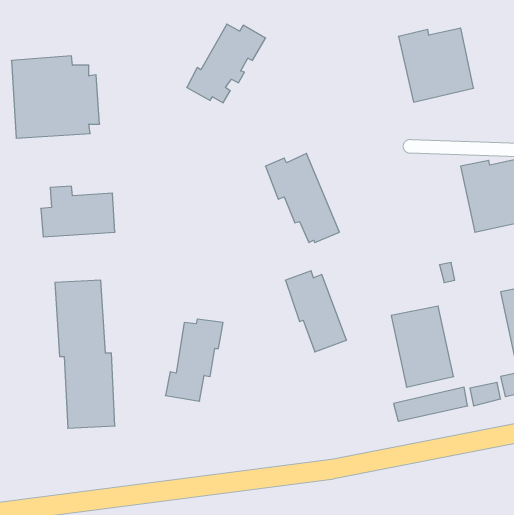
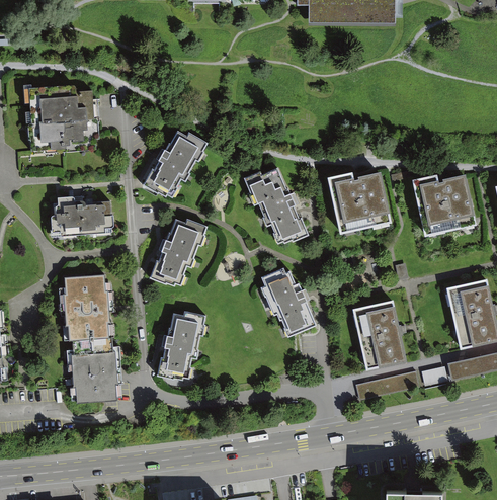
building: [187,24,266,103] -> [143,132,211,199]
building: [398,28,474,102] -> [327,169,392,233]
building: none -> [151,219,208,286]

